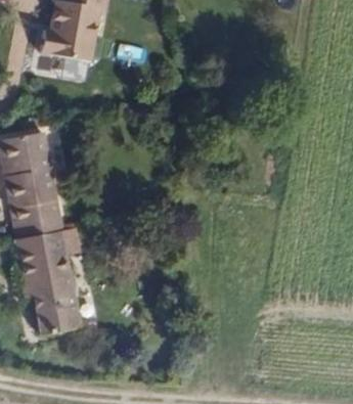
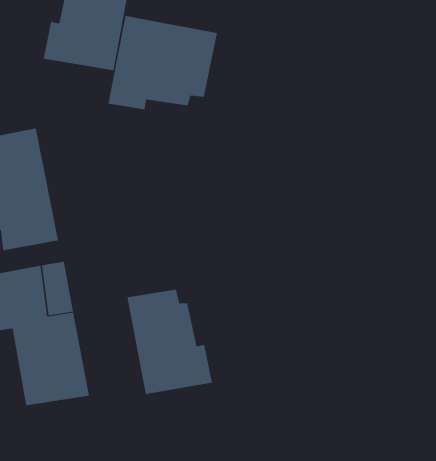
building: none -> [108,15,218,110]
building: none -> [127,289,212,395]

